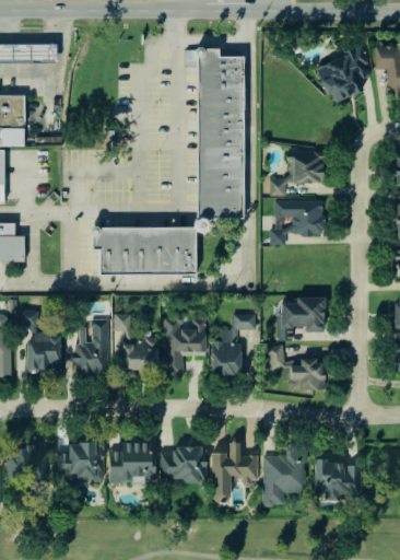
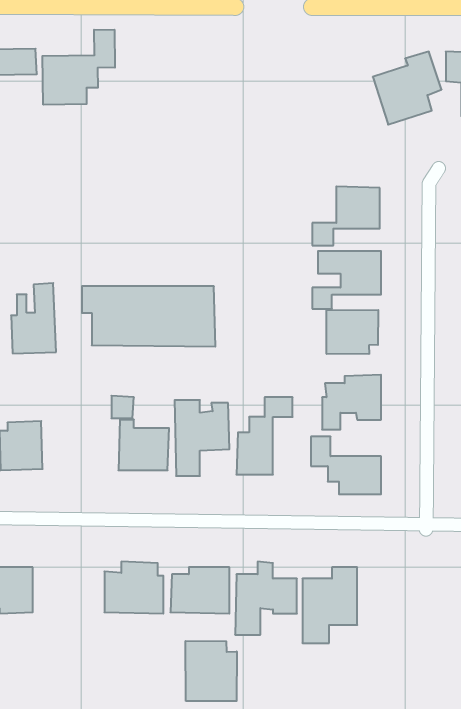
building: none -> [42,30,115,105]
building: [196,49,244,218] -> none
building: none -> [327,310,378,354]
building: [74,318,109,373] -> [11,283,56,353]
building: [58,443,104,480] -> none
building: [315,455,360,499] -> none
building: none -> [186,641,237,701]

